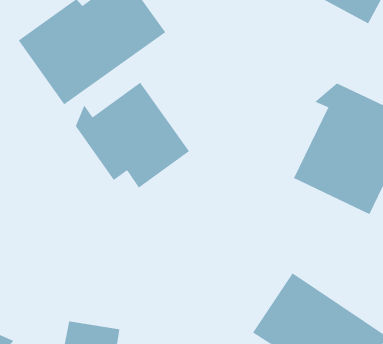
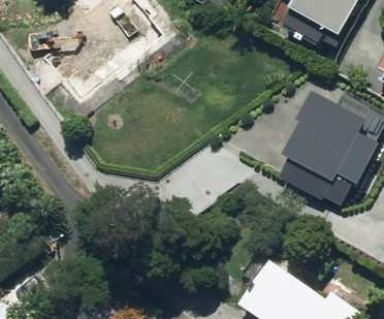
building: [75,82,190,188] -> none

